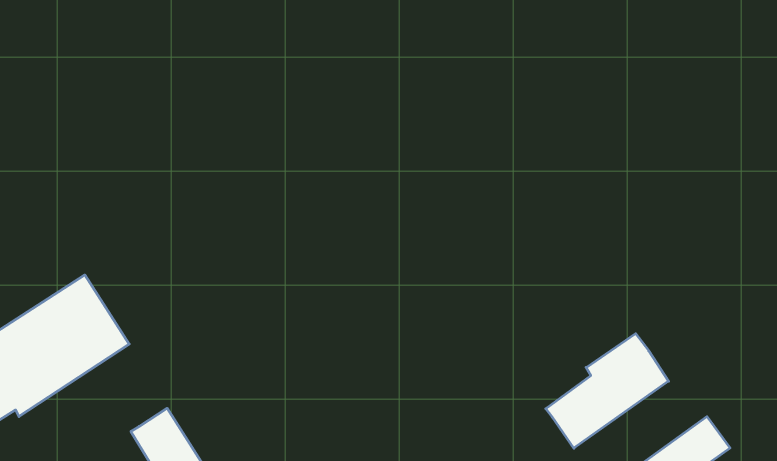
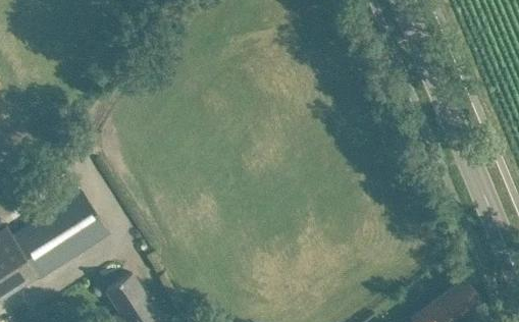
building: [546,334,669,448] -> none

